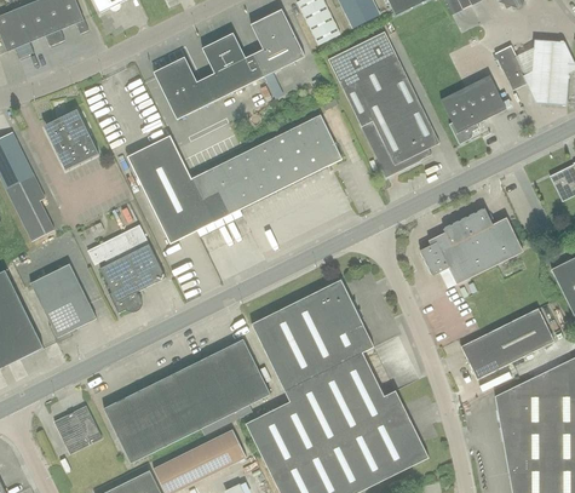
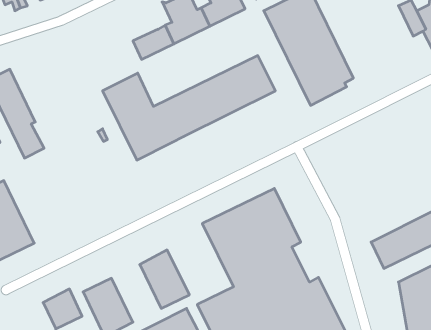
building: [154,56,197,96] -> none
building: [441,74,506,143] -> none
building: [47,108,99,170] -> none
building: [420,207,523,282] -> none
building: [87,223,166,313] -> none
building: [31,263,97,342] -> none
building: [208,338,271,411] -> none
building: [139,373,201,445] -> none

